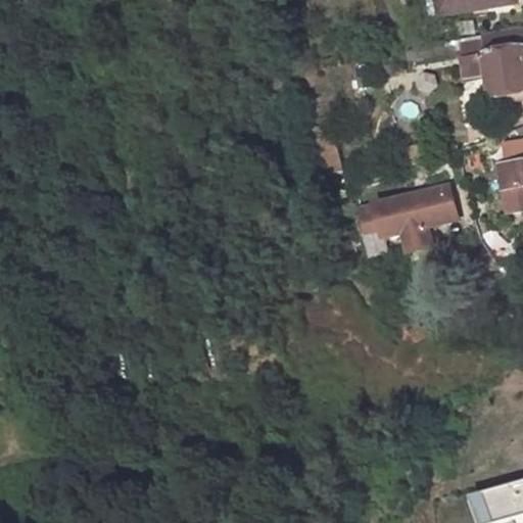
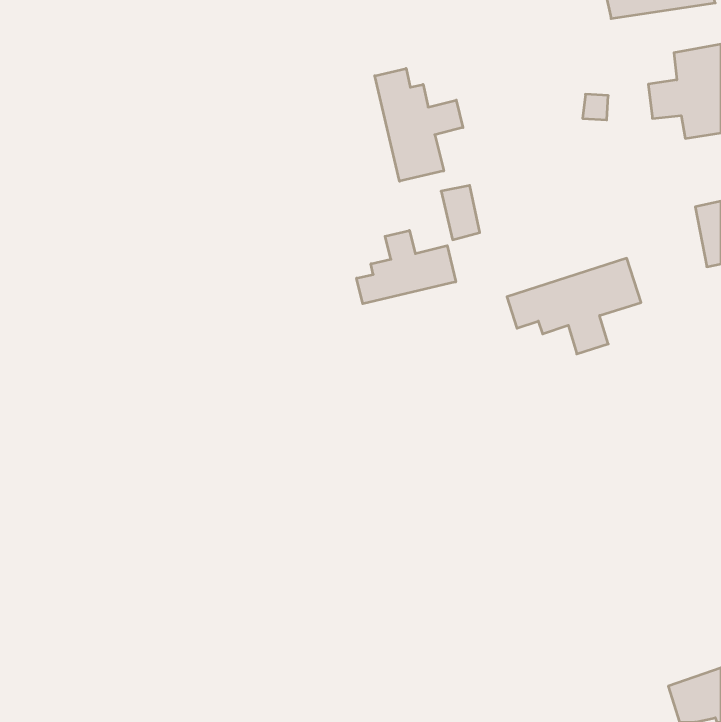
building: none -> [375,68,463,181]
building: none -> [357,230,456,304]

